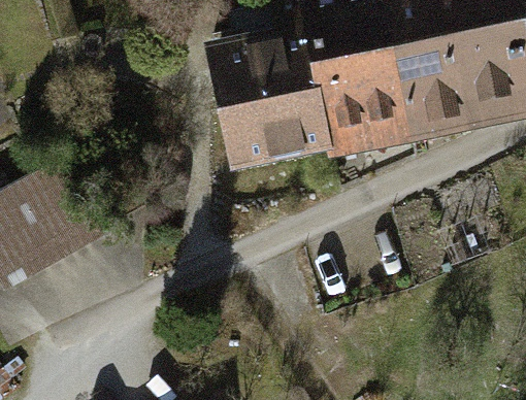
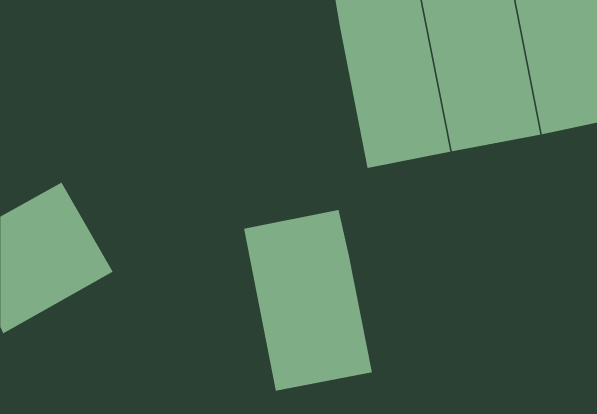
building: [208,27,316,165] -> none
building: none -> [244,209,373,392]

